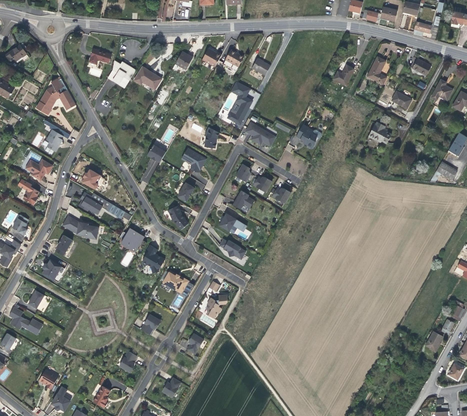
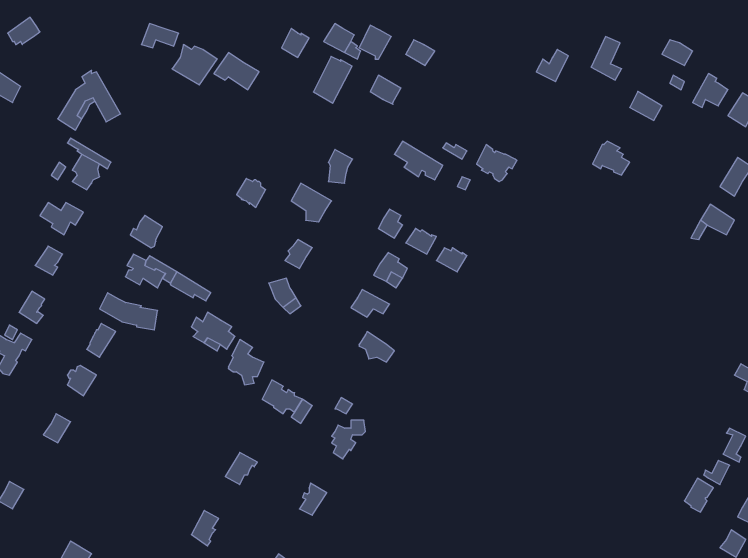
building: [227,96,251,125] -> [313,56,352,103]
building: [8,307,42,335] -> none

